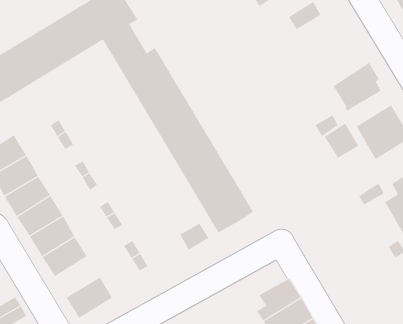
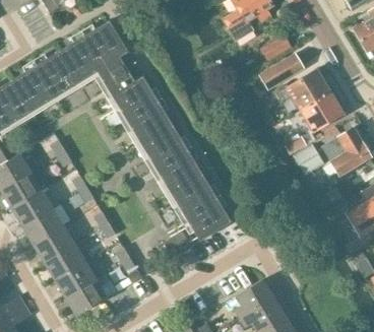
building: none -> [259,54,304,90]
building: none -> [277,70,333,111]
building: none -> [54,261,95,297]

